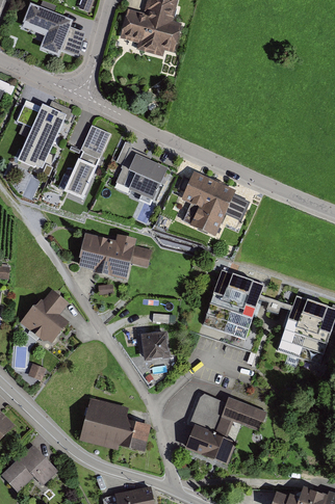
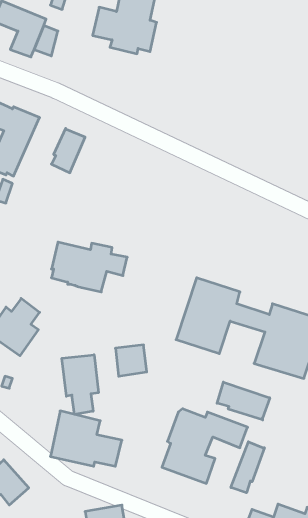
building: [112,150,163,201] -> none
building: [63,160,98,203] -> none
building: [181,171,250,237] -> none
building: none -> [62,355,98,414]
building: none -> [217,382,270,420]
building: none -> [231,442,264,493]

